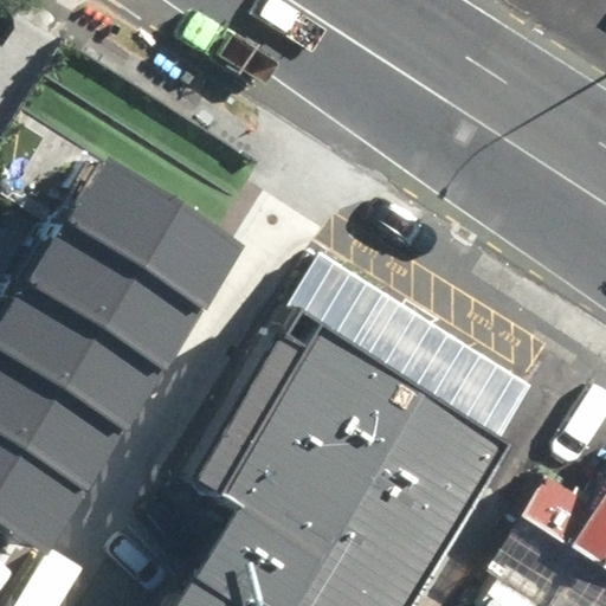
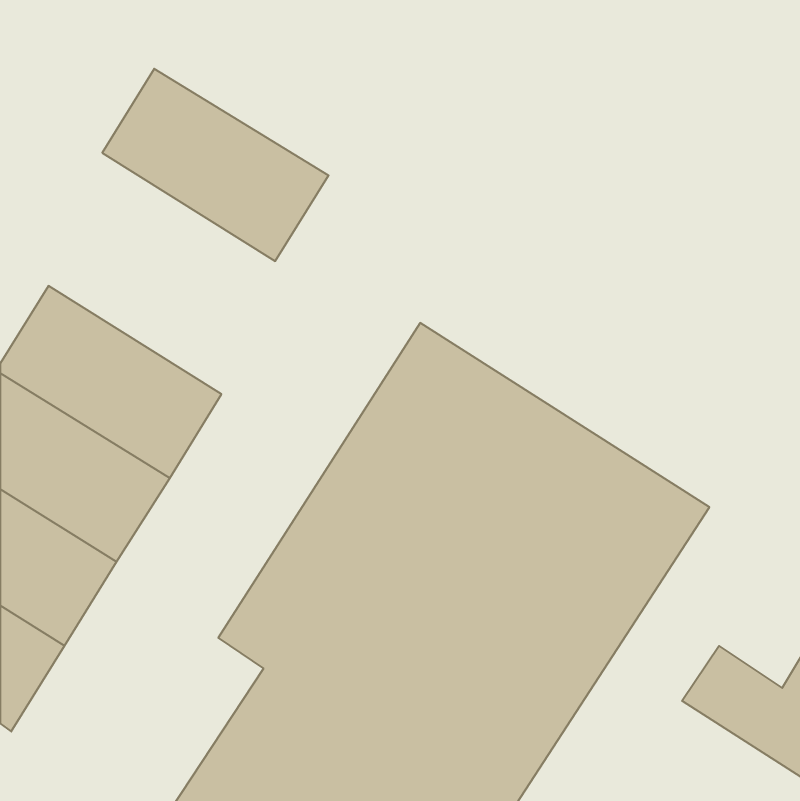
building: [54,166,220,307] -> [102,69,329,261]

